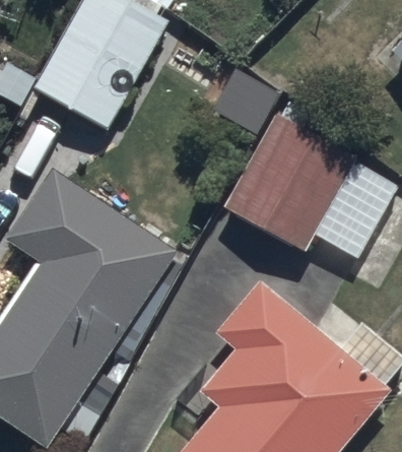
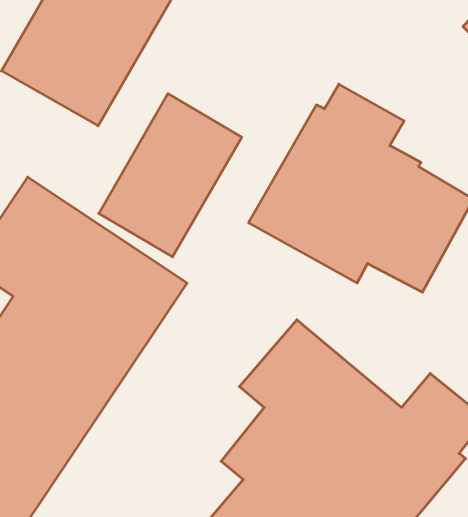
building: none -> [99,94,242,257]

